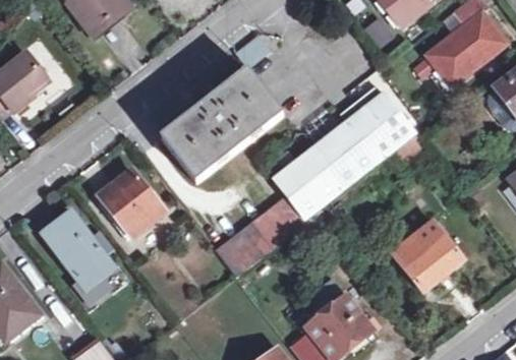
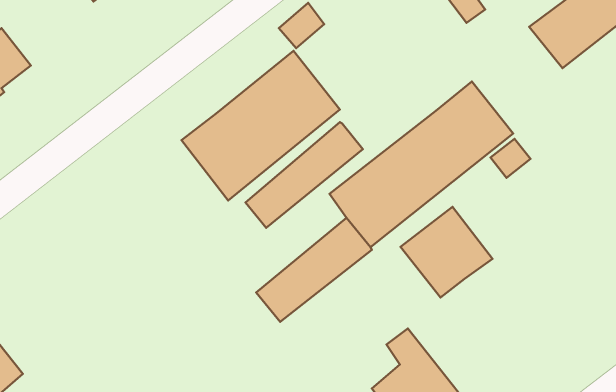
building: none -> [245,122,363,228]
building: [99,173,162,236] -> none
building: [43,212,116,303] -> none
building: [393,220,463,289] -> [400,207,492,298]

